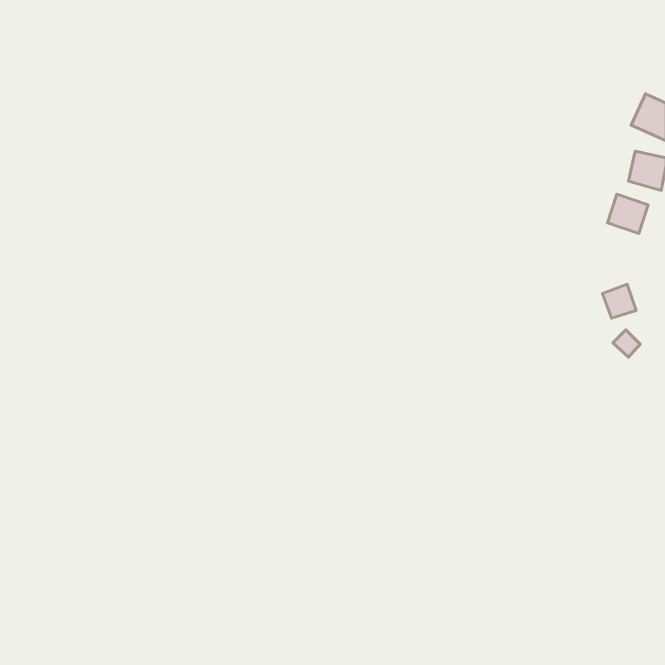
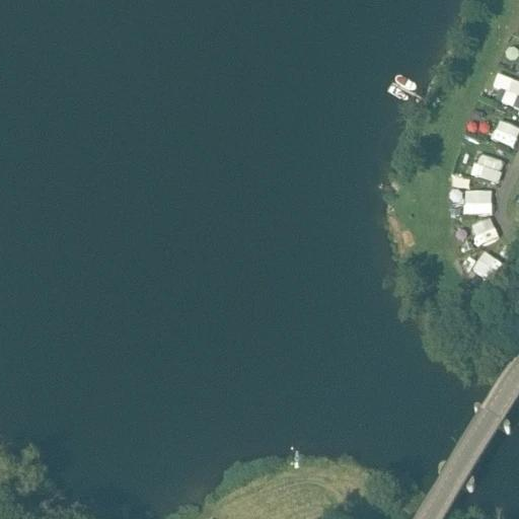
building: none -> [467,192,495,216]

